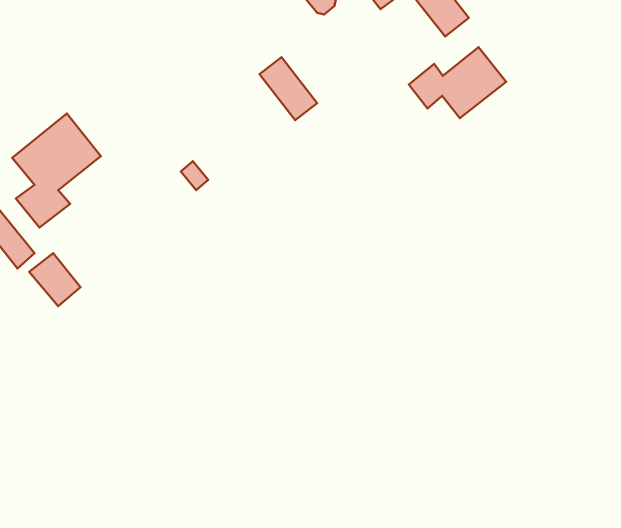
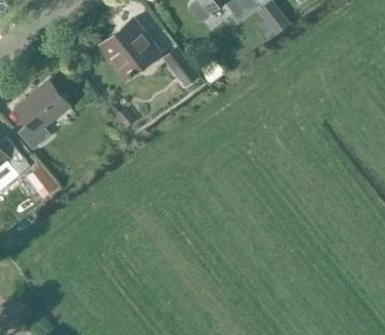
building: none -> [99,18,159,79]
building: [409,47,506,118] -> none

